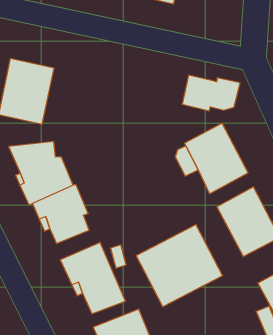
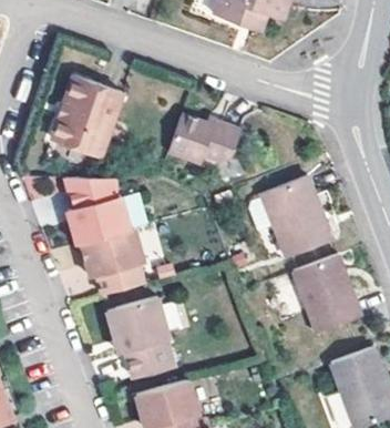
building: [182,75,240,111] -> [167,115,236,160]
building: [136,224,223,307] -> none

